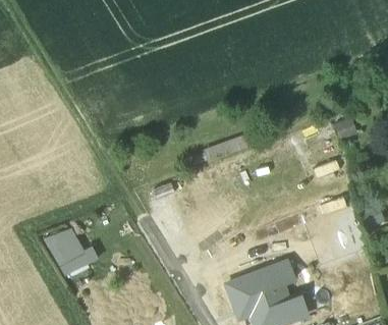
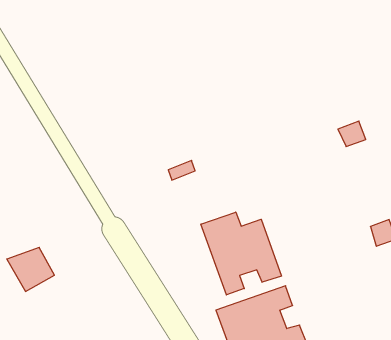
building: none -> [201,212,281,295]

